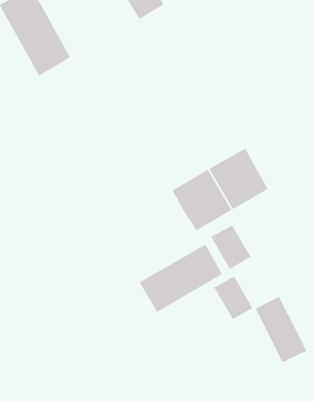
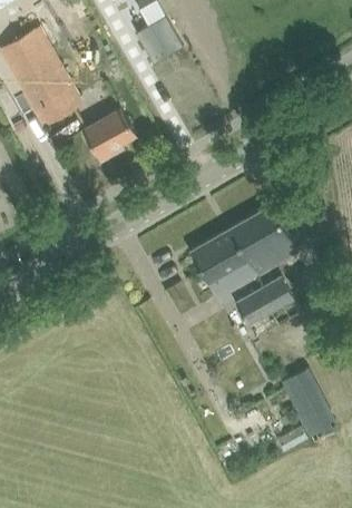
building: none -> [84,108,135,158]
building: [139,243,223,313] -> none
building: [213,275,254,320] -> [257,275,302,324]

